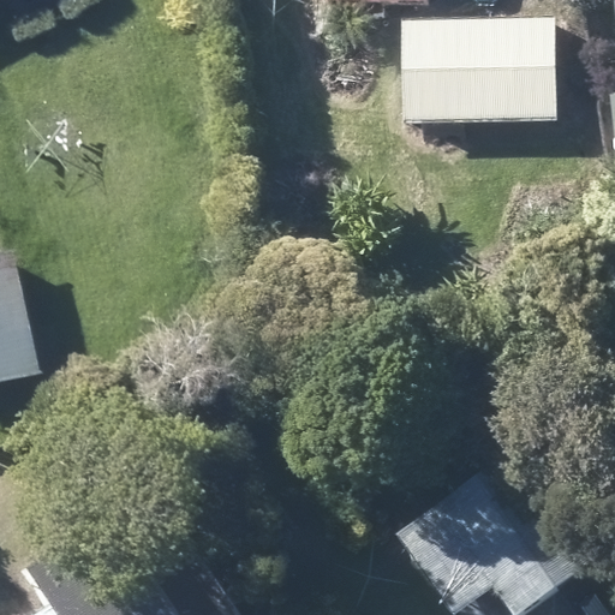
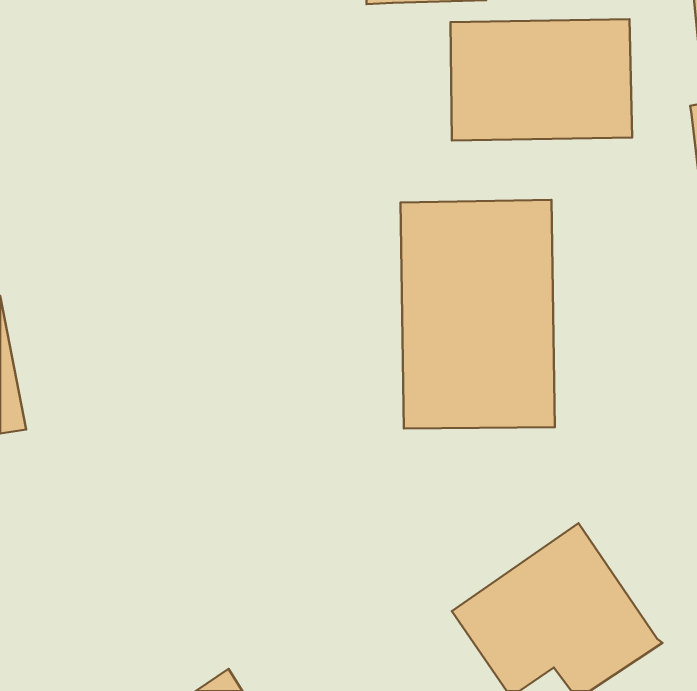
building: none -> [401,200,555,428]

